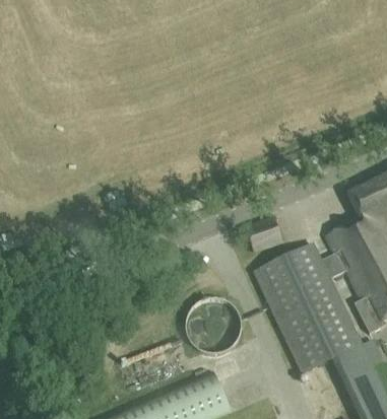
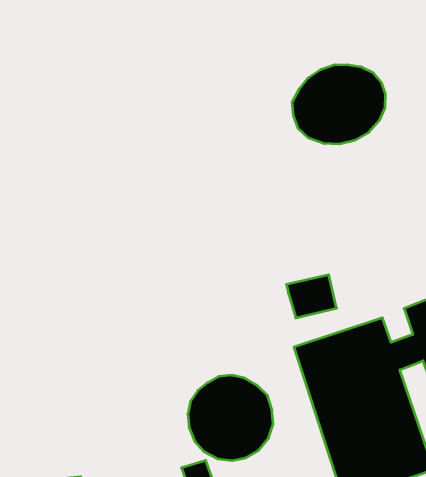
building: none -> [292,65,385,144]

